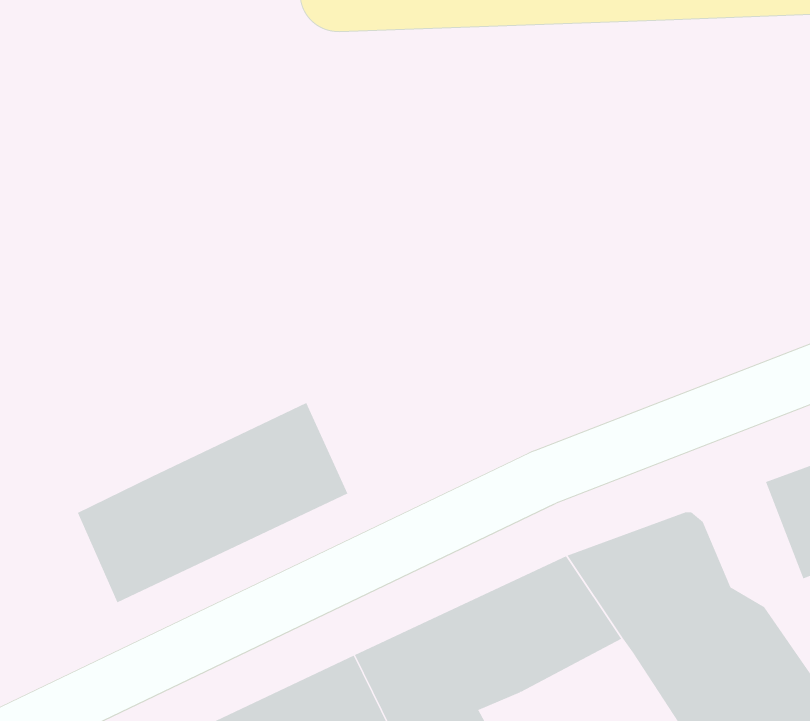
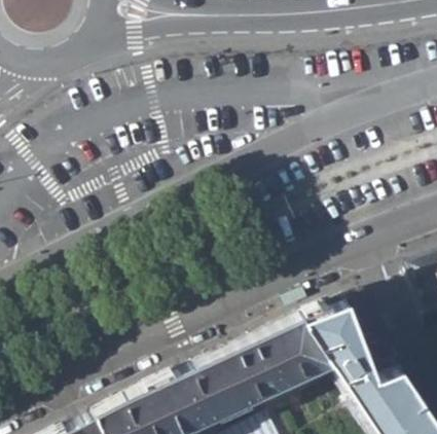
building: [77,402,348,603] -> none

